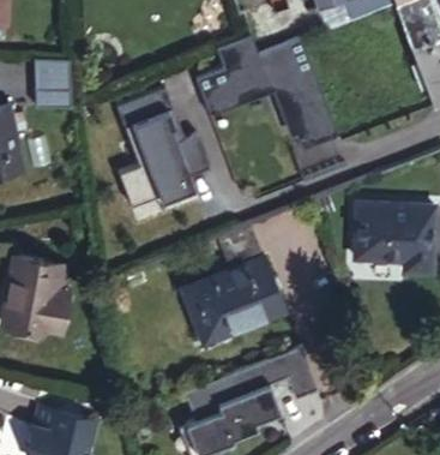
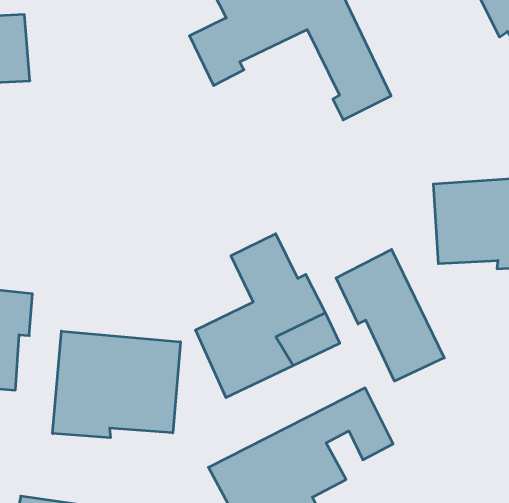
building: [116,91,210,209] -> none
building: none -> [336,249,444,381]
building: none -> [53,331,180,438]

